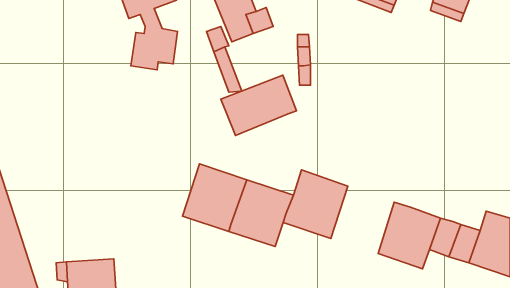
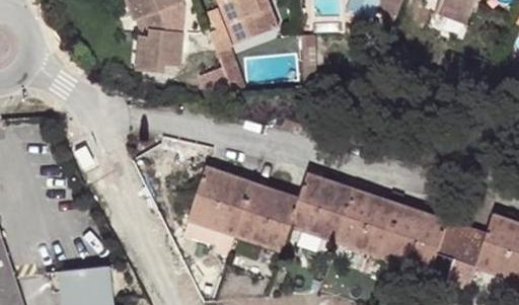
building: [221,75,297,135] -> none
building: none -> [335,188,398,256]

